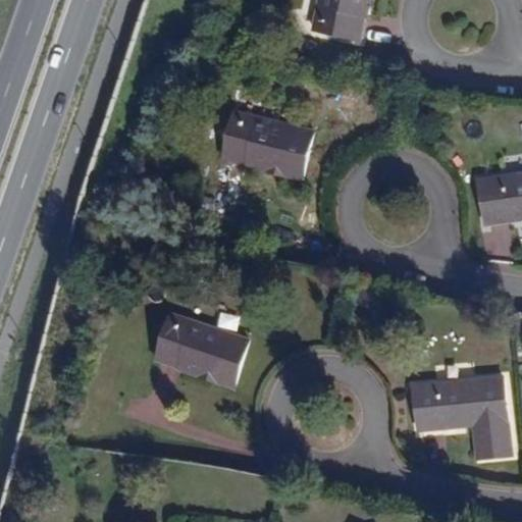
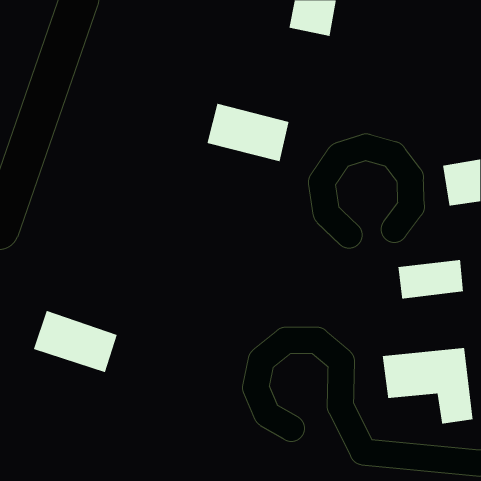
building: none -> [398,259,464,299]
building: [155,315,247,383] -> [33,310,118,373]

